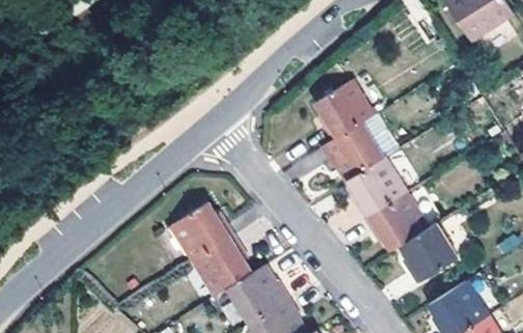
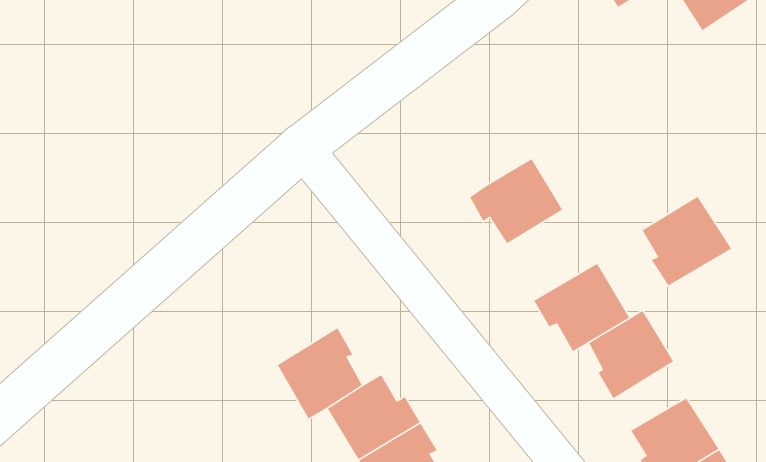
building: [314,80,374,142] -> none
building: [347,158,407,218] -> [641,196,732,286]
building: [172,203,235,260] -> none

